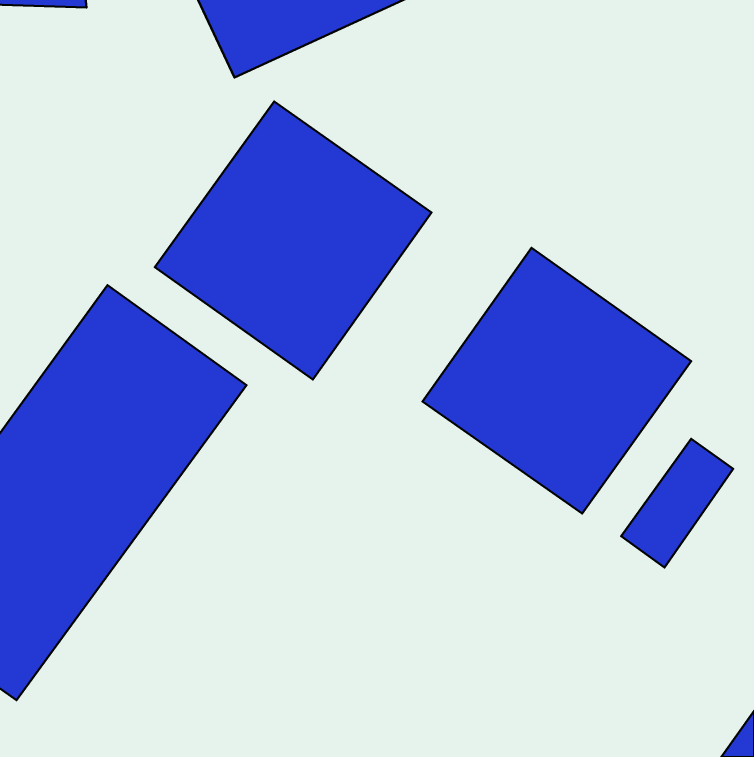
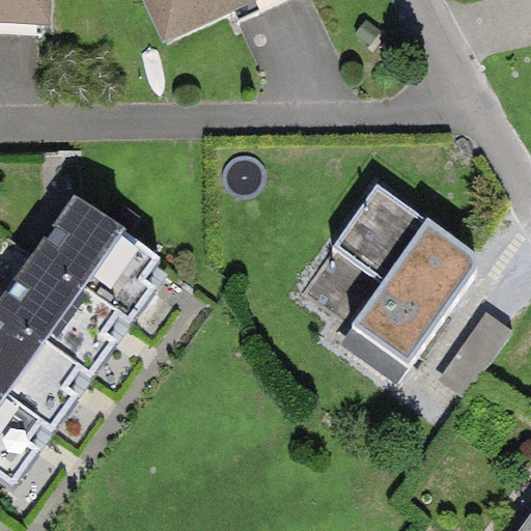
building: [155,101,432,380] -> none

